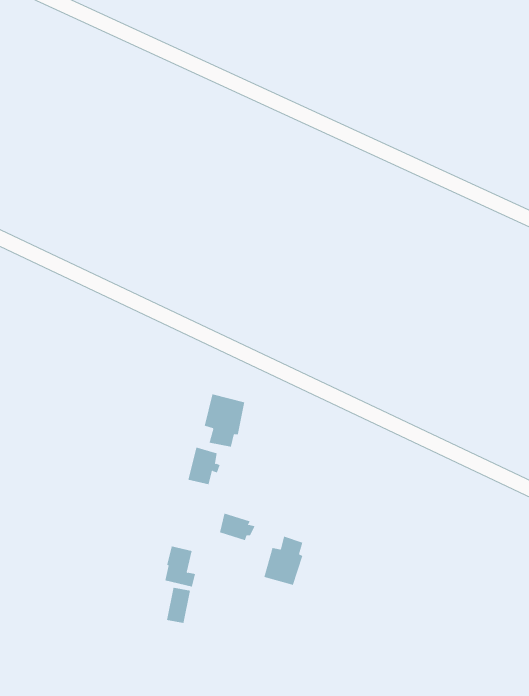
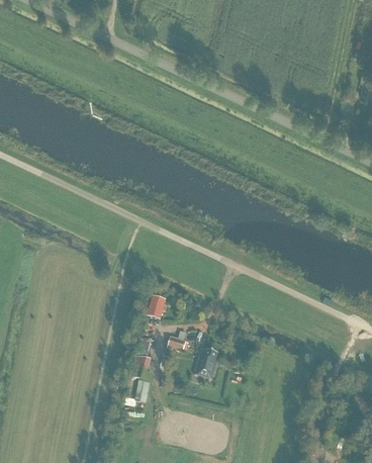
building: [204,394,245,448] -> none

